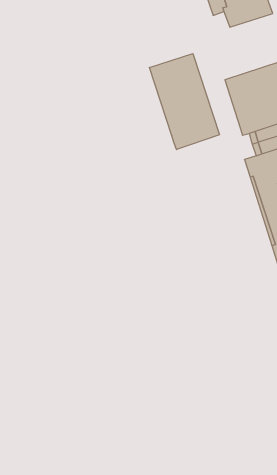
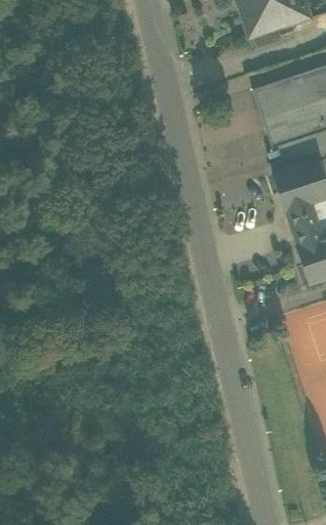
building: [149,54,219,150] -> none

